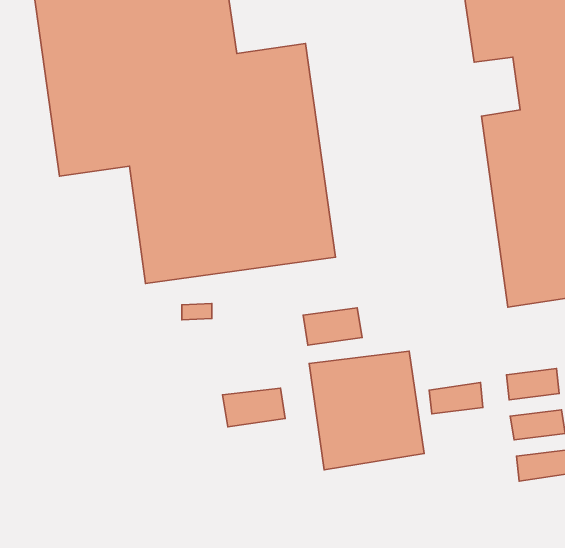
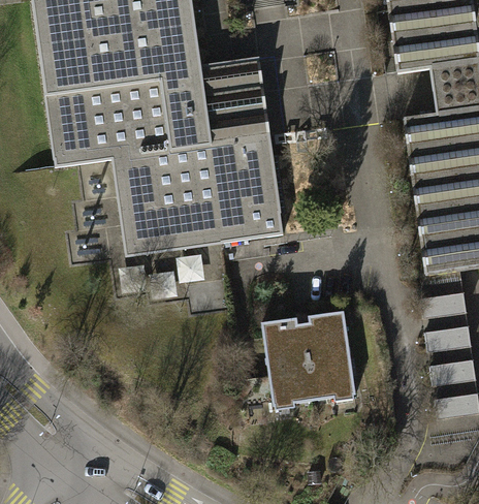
building: [303,308,362,345] -> none
building: [429,383,483,414] -> [419,291,464,317]
building: [223,388,285,427] -> none

